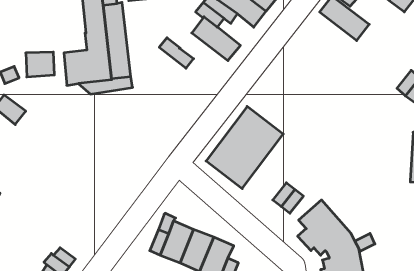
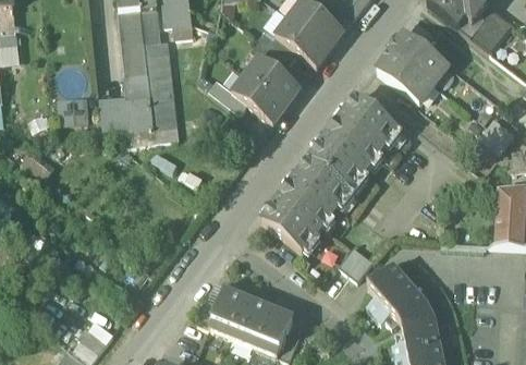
building: none -> [378,49,435,101]
building: none -> [232,73,288,123]
building: none -> [309,95,399,188]

